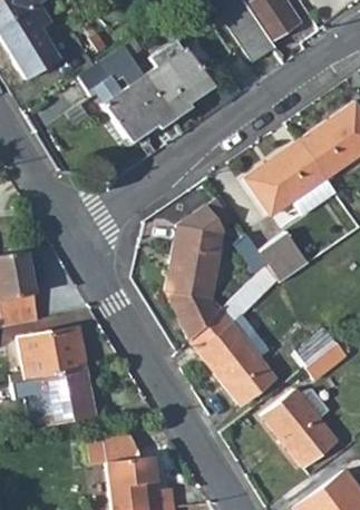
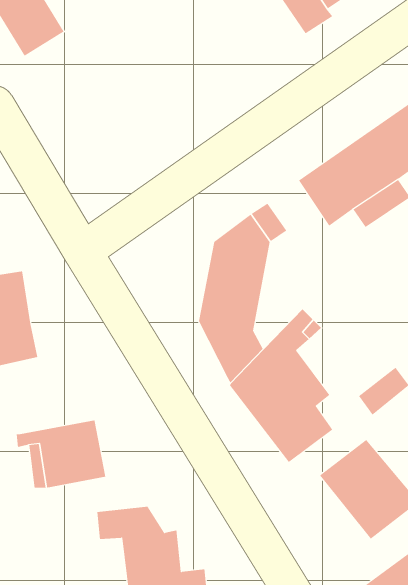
building: [81,40,210,140] -> none
building: [234,232,308,283] -> none
building: [17,328,84,381] -> none

